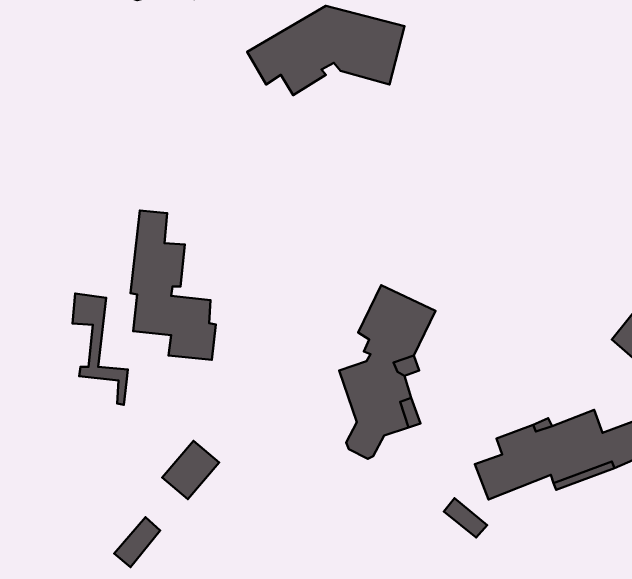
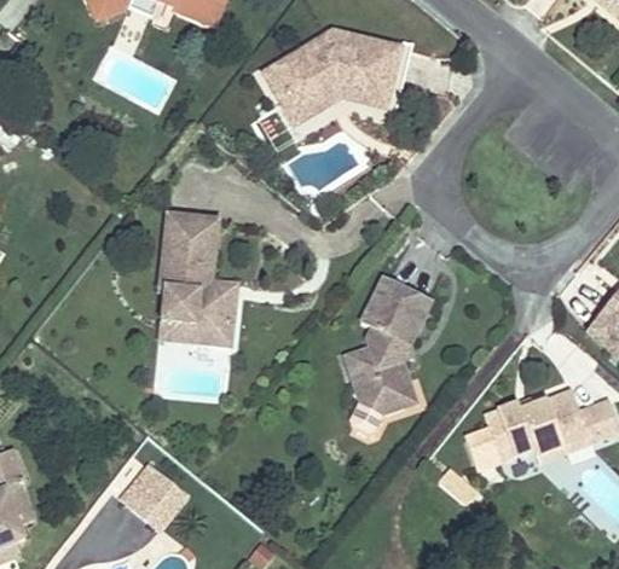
building: none -> [279,80,389,124]
building: [72,294,128,405] -> [189,214,238,313]
building: [162,441,219,499] -> [121,465,172,517]

